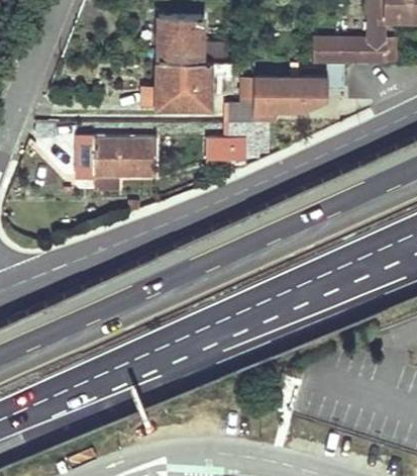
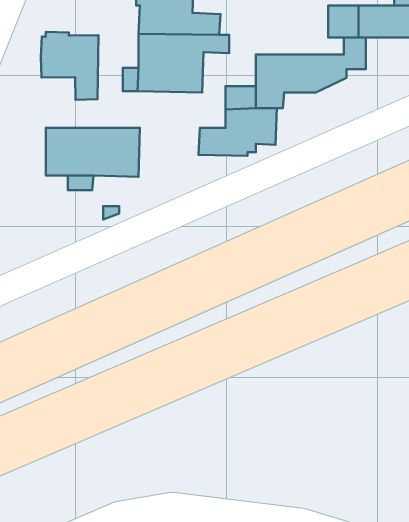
building: none -> [41,32,98,100]

